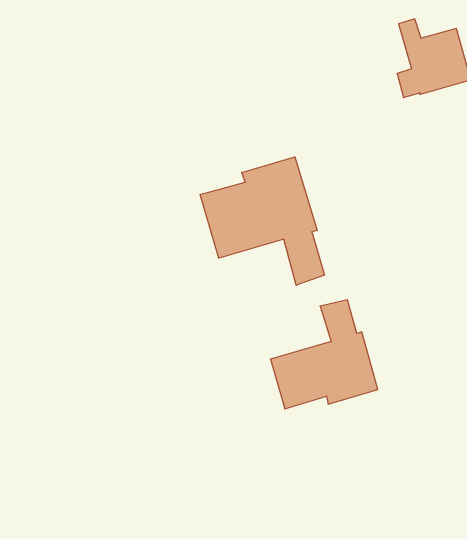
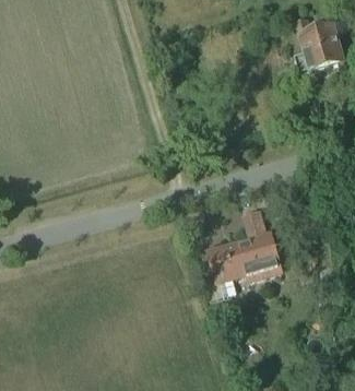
building: [200,157,324,285] -> none

